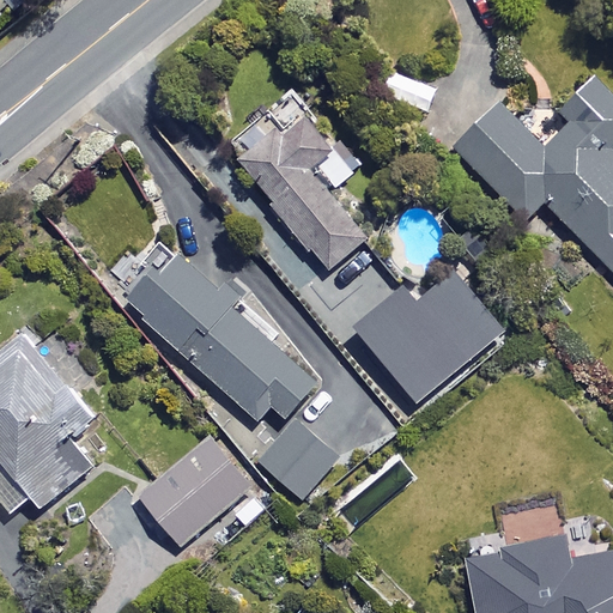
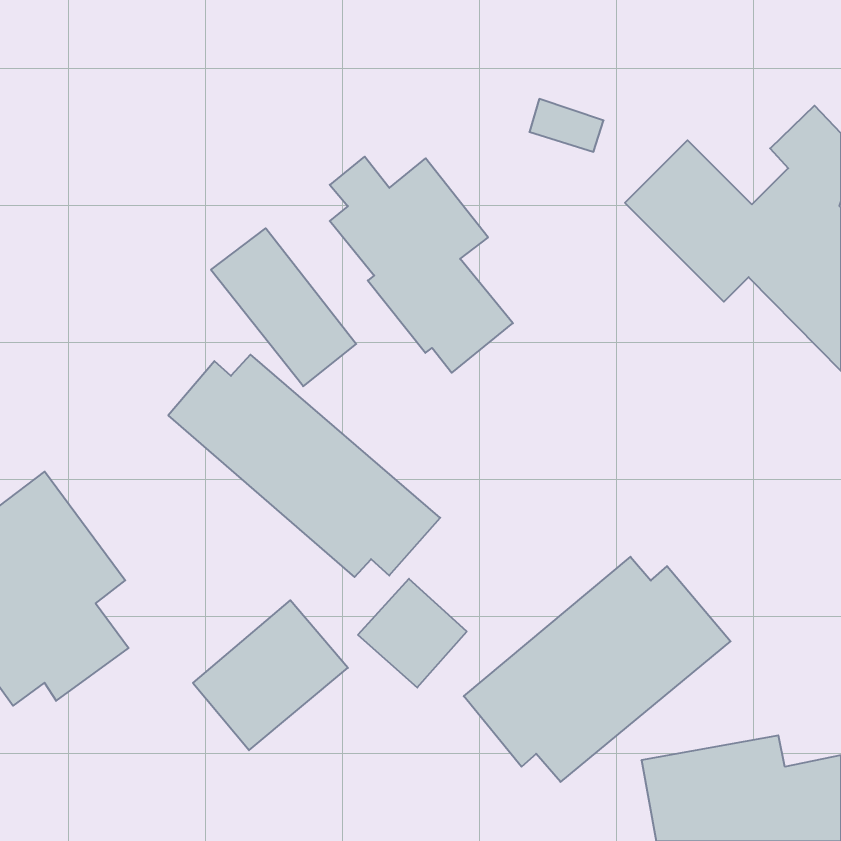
building: none -> [211,228,356,386]
building: [351,268,505,403] -> none
building: none -> [464,557,731,782]

